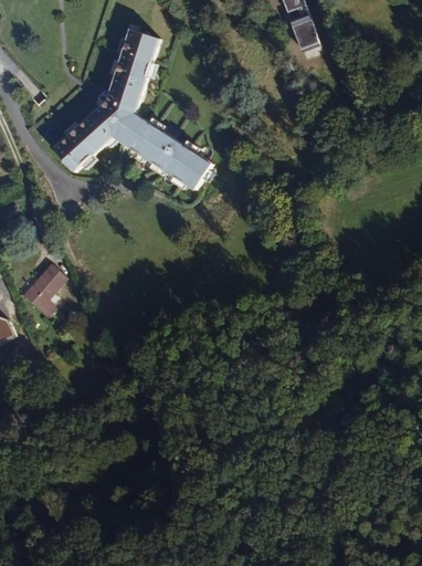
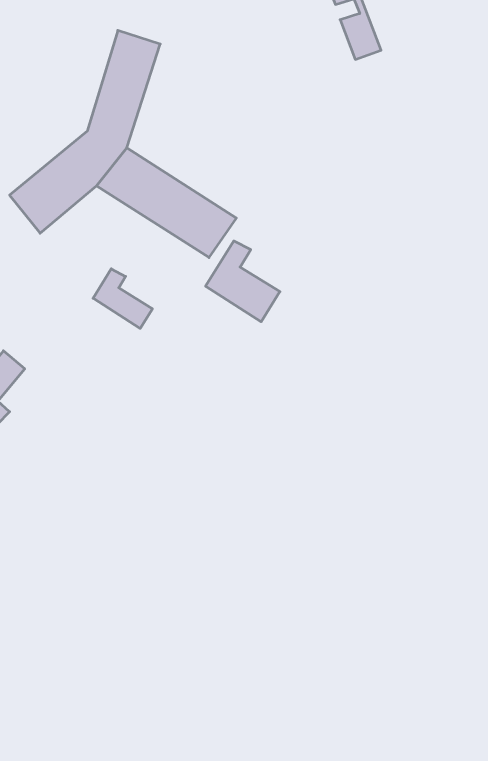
building: none -> [206,241,280,322]
building: none -> [93,269,152,328]

